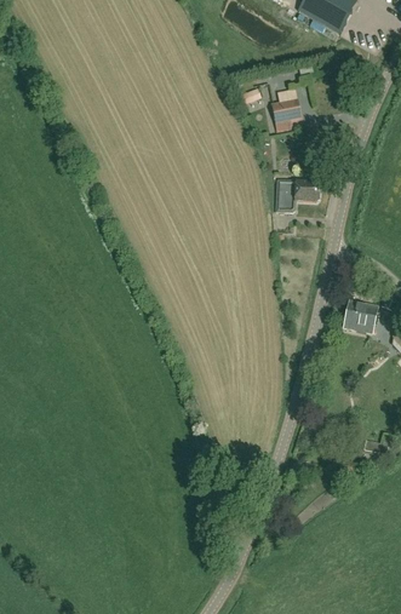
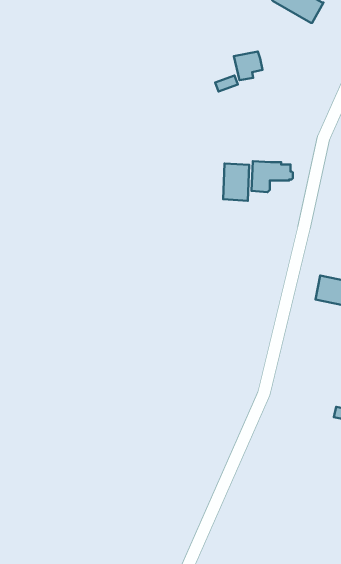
building: [273,98,303,128] -> [234,52,262,80]
building: none -> [223,163,249,201]

